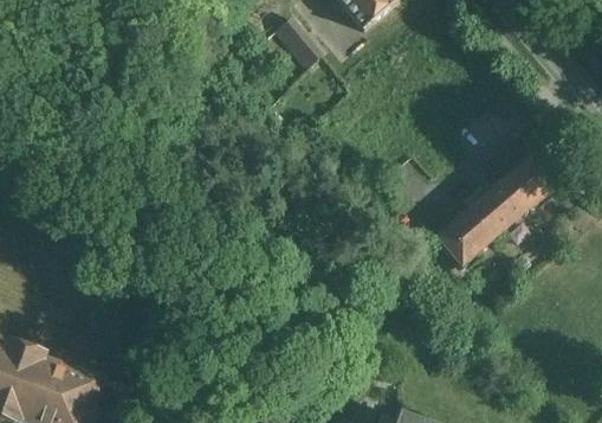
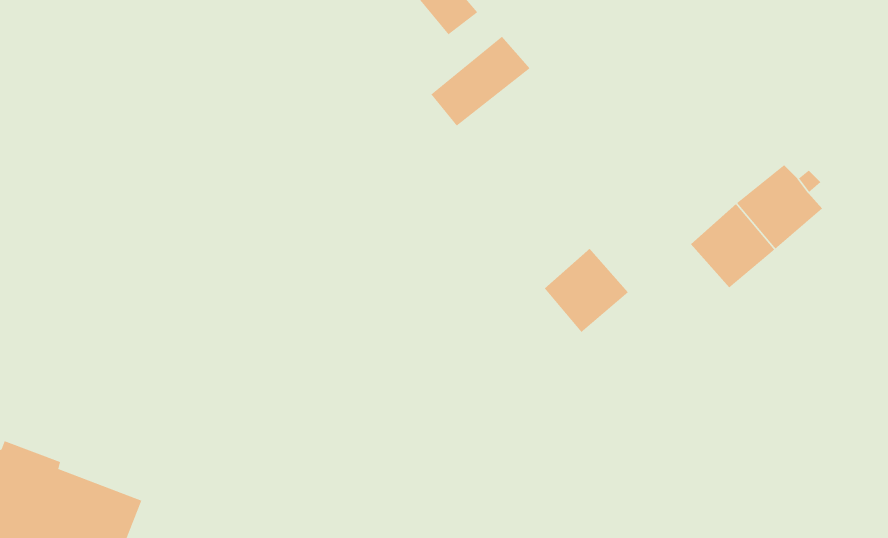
building: none -> [430,36,530,127]
building: [436,207,493,264] -> [544,248,629,333]

